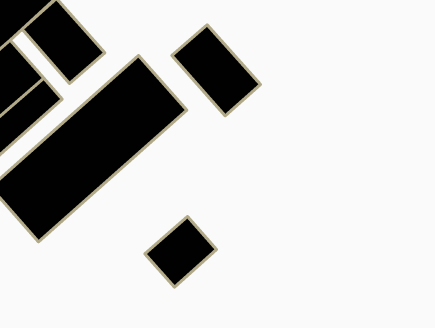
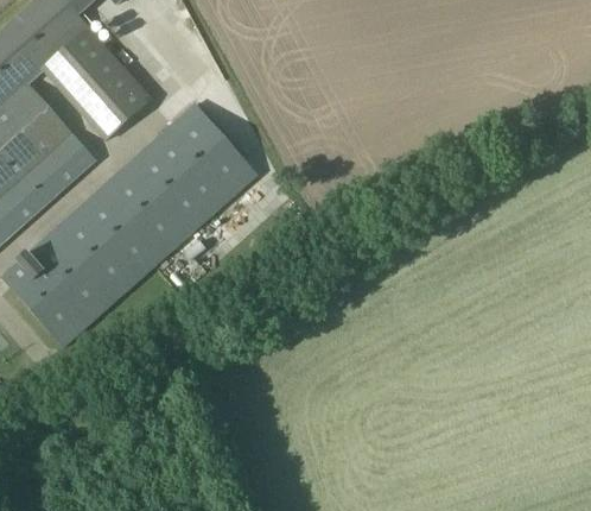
building: [172,25,260,116] -> none
building: [145,216,216,287] -> none

